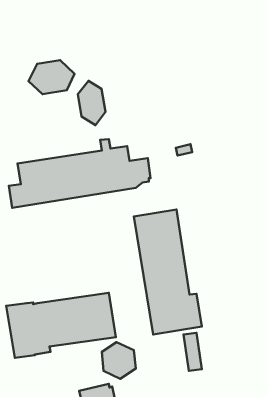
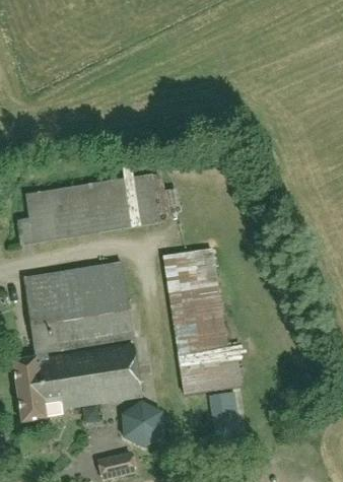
building: [28,60,75,94] -> none
building: [78,81,105,125] -> none
building: none -> [23,262,131,356]

